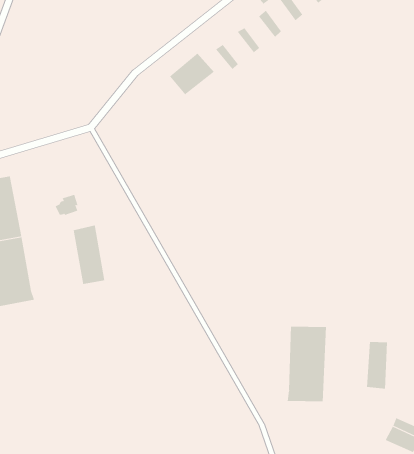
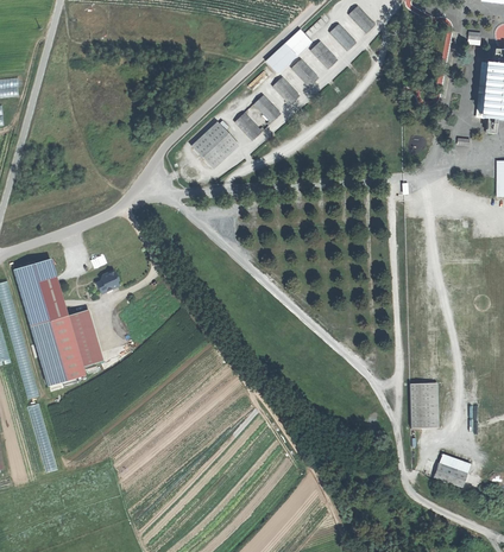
building: [73,225,105,284] -> [69,307,105,366]
building: [287,326,326,402] -> none

